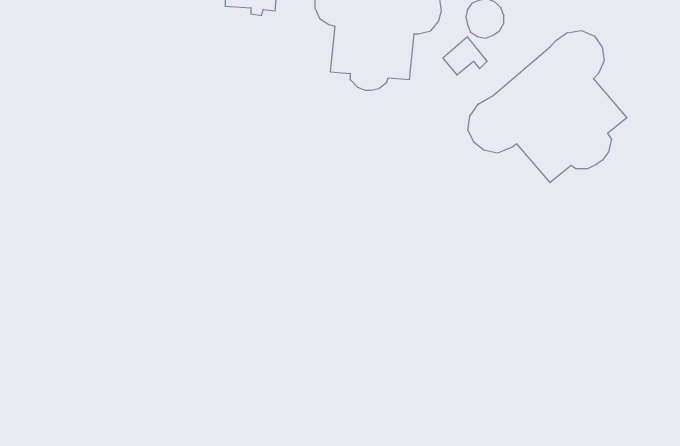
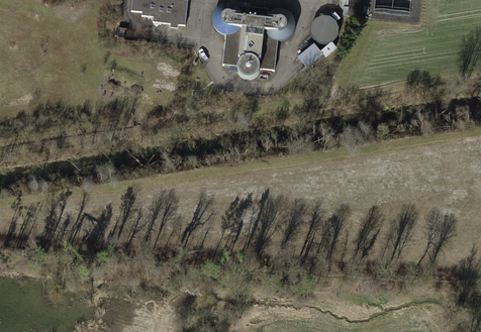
building: [468,31,627,183] -> none

